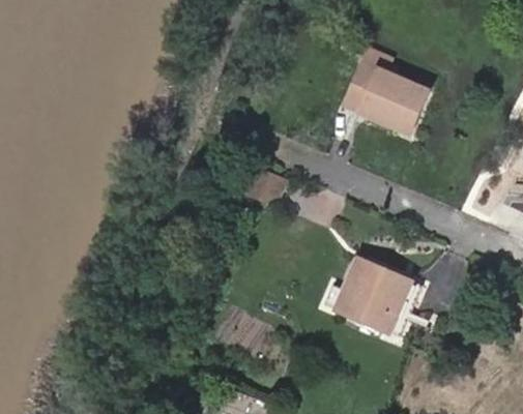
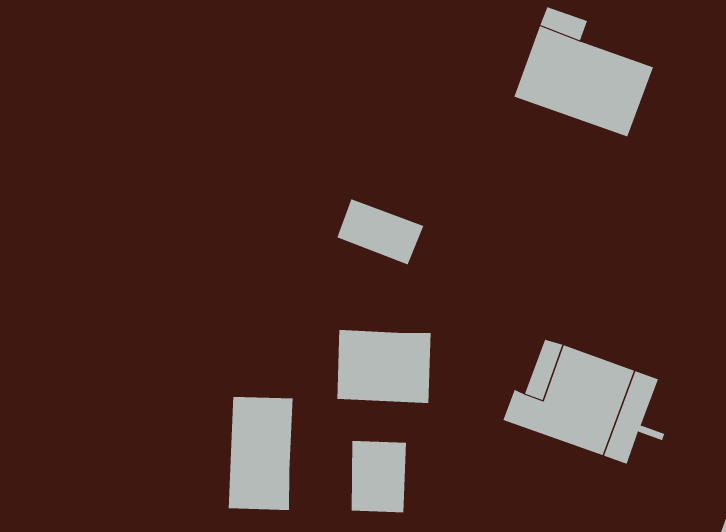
building: none -> [337,329,431,404]
building: none -> [228,396,293,511]

